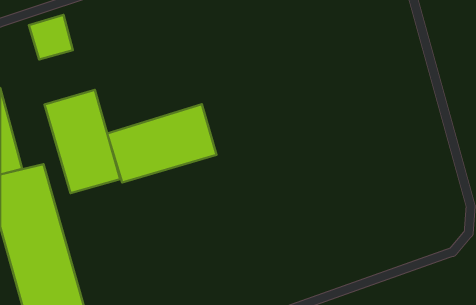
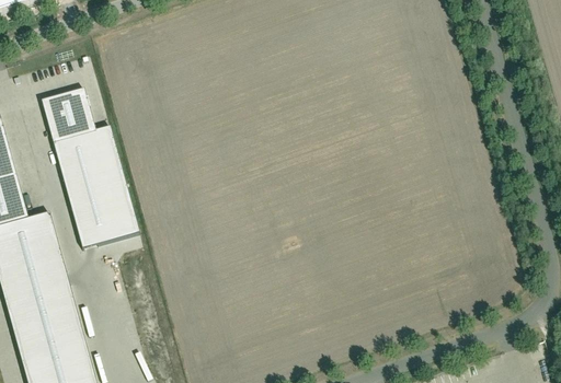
building: [29,15,73,60] -> [41,90,92,142]
building: [107,104,217,183] -> none

